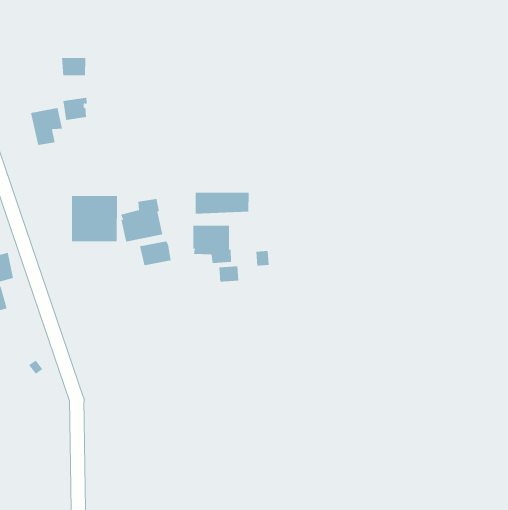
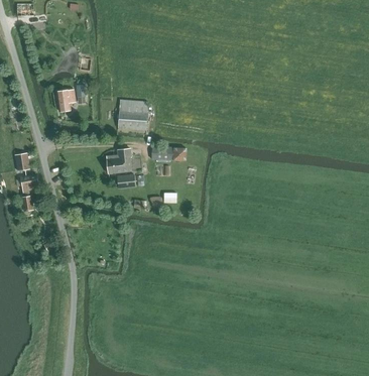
building: [71,195,118,242] -> [117,99,147,129]
building: [193,225,231,264] -> none

